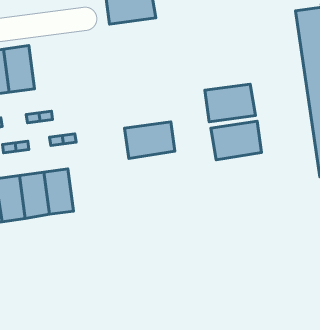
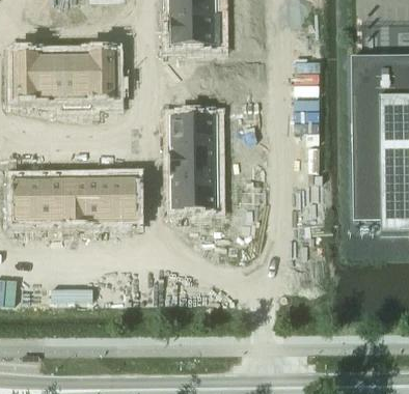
building: none -> [89,52,115,94]
building: [205,84,255,122] -> [171,113,217,144]
building: [211,121,261,160] -> [171,173,217,205]
building: none -> [111,175,136,218]

